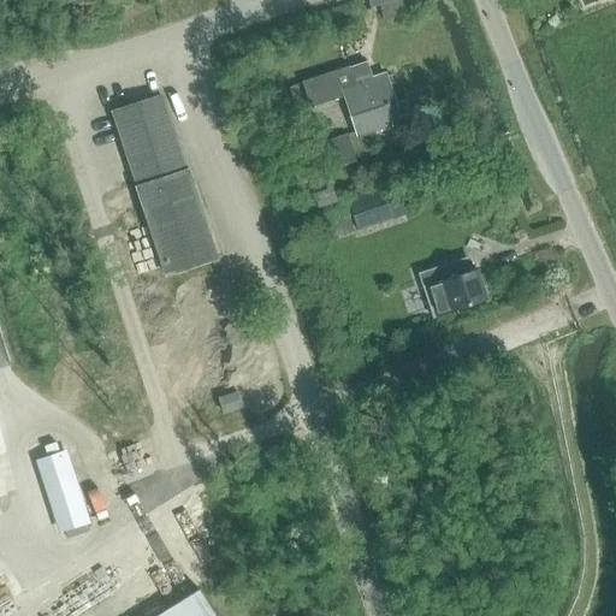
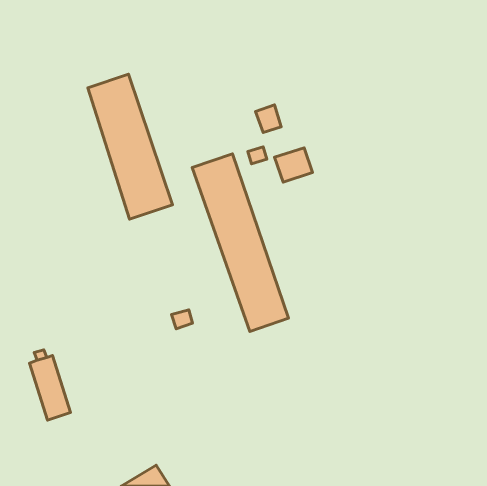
building: [302,60,411,136] -> none
building: none -> [192,154,288,332]
building: [419,257,487,319] -> none

